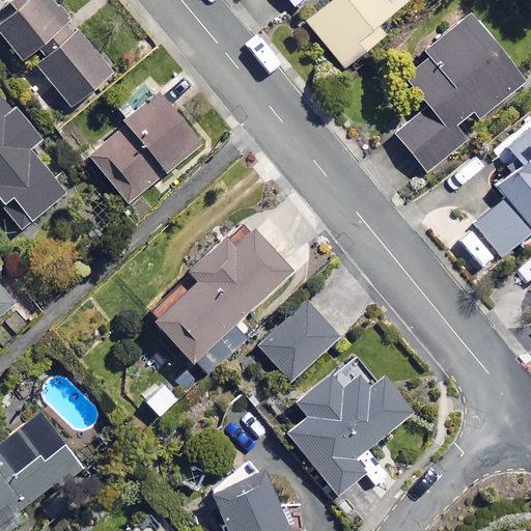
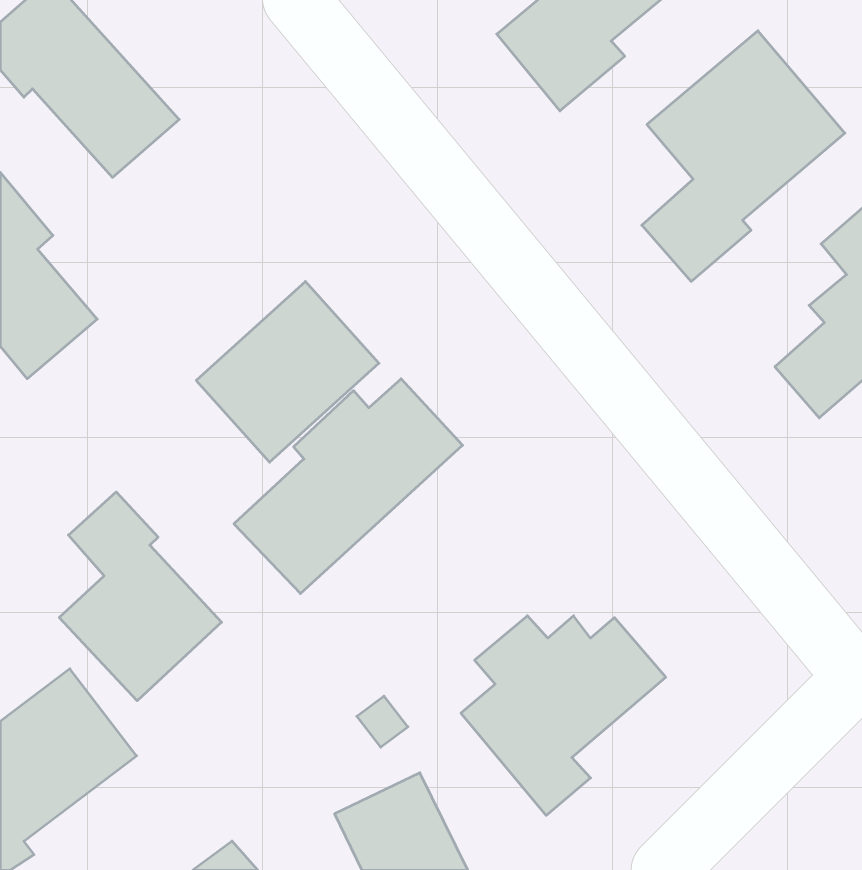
building: [87,94,198,204] -> [196,281,379,462]
building: none -> [59,492,222,701]
building: [260,303,341,383] -> none

